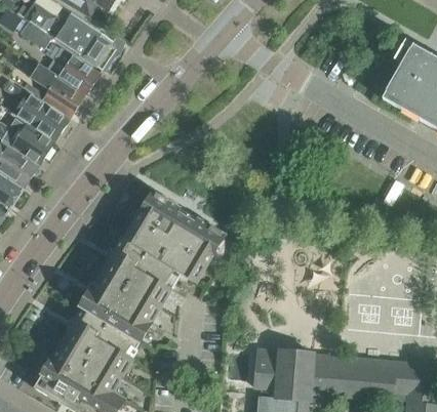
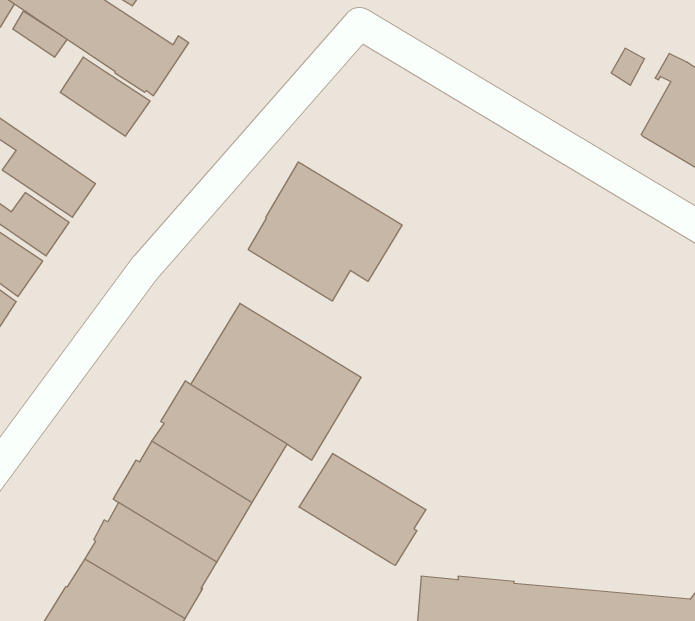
building: [26,67,84,119] -> none
building: none -> [248,162,402,301]
building: none -> [299,453,426,565]

